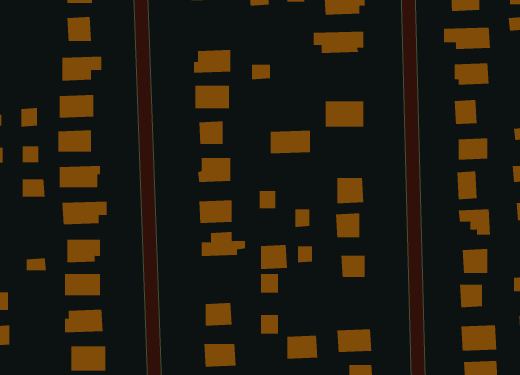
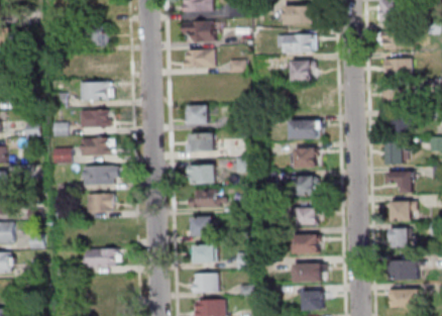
building: none -> [184,21,214,41]
building: none -> [292,60,312,80]
building: [270,130,311,154] -> [290,120,321,138]
building: [260,244,288,270] -> [192,215,213,234]
building: [286,335,318,359] -> [294,233,318,251]

